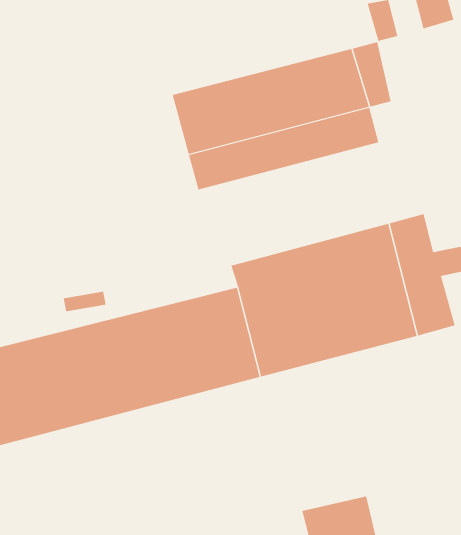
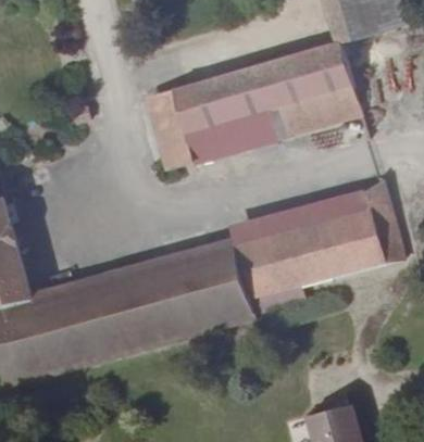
building: none -> [146,88,198,173]

